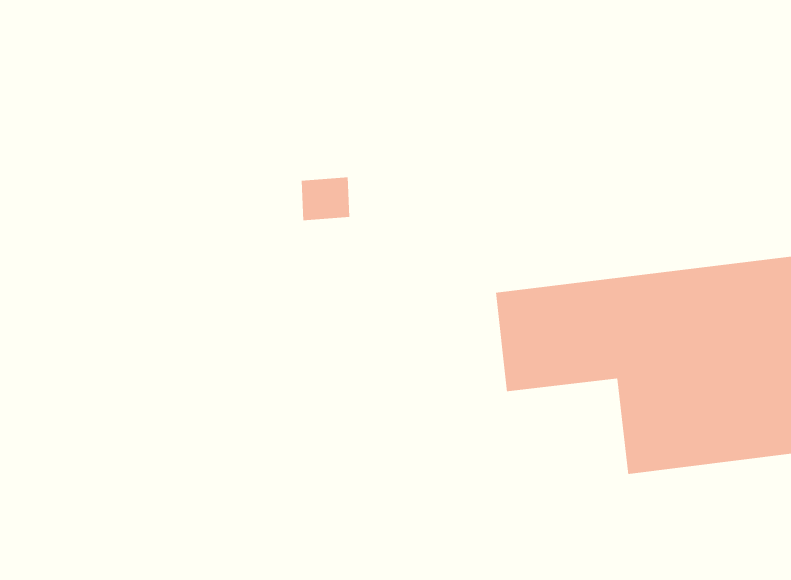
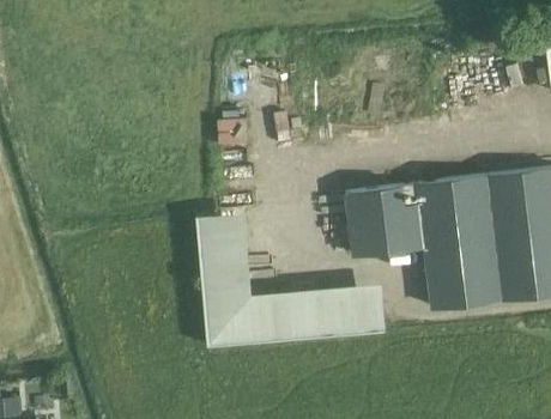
building: none -> [198,212,387,344]

